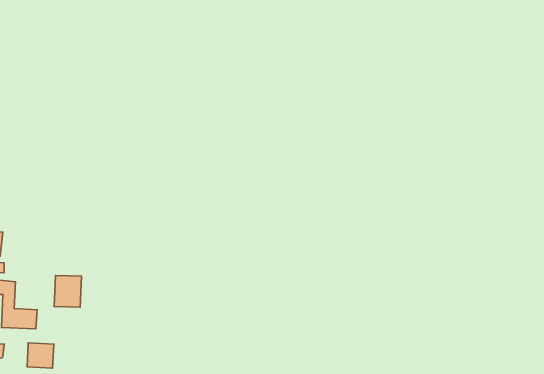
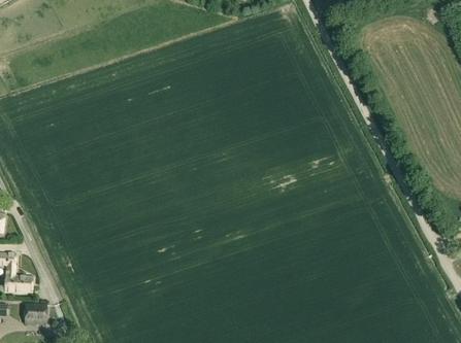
building: [54,275,81,307] -> none

